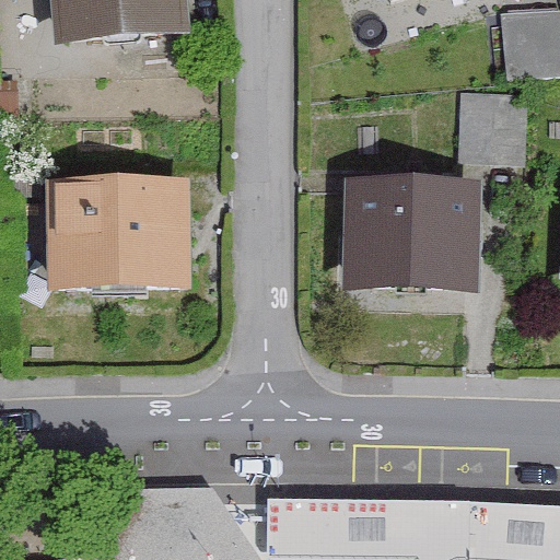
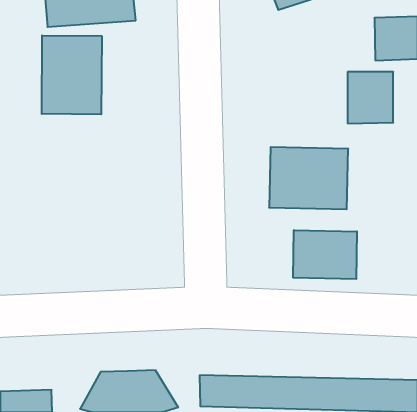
building: none -> [42,35,102,114]
building: [56,191,178,288] -> none
building: none -> [293,230,357,279]

